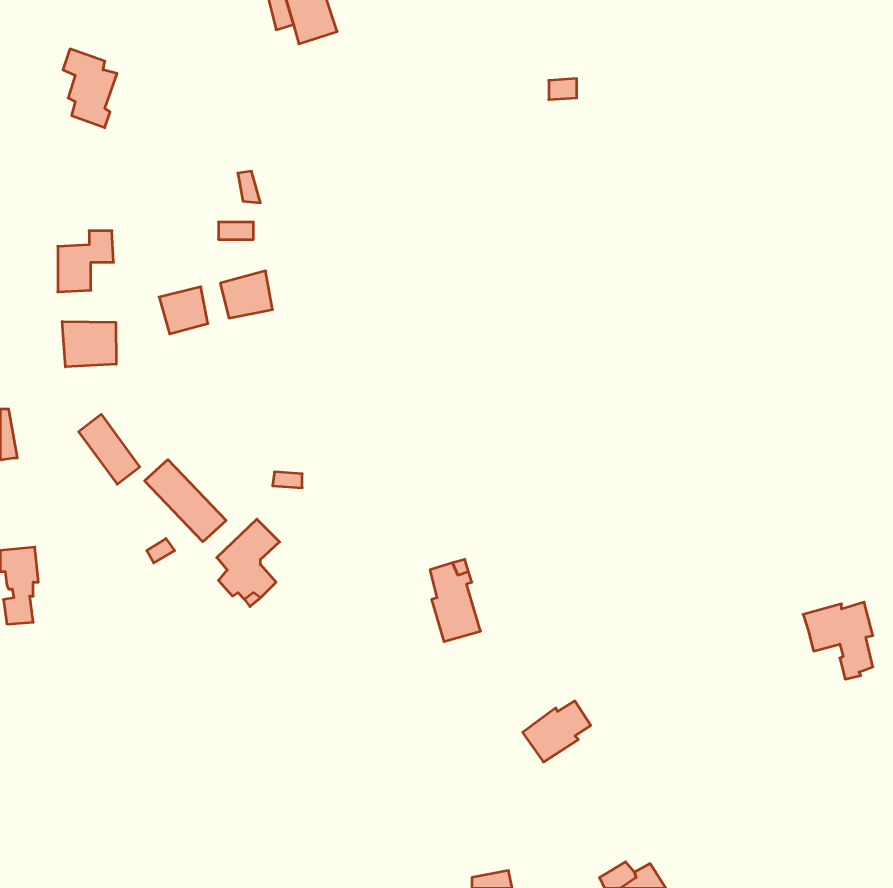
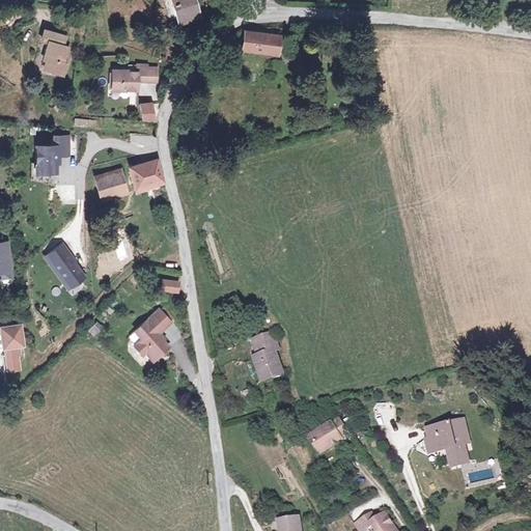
building: none -> [245,32,282,52]
building: none -> [110,65,156,90]
building: [62,321,116,367] -> none
building: [145,460,226,542] -> none
building: [803,602,873,679] -> [430,418,472,464]

